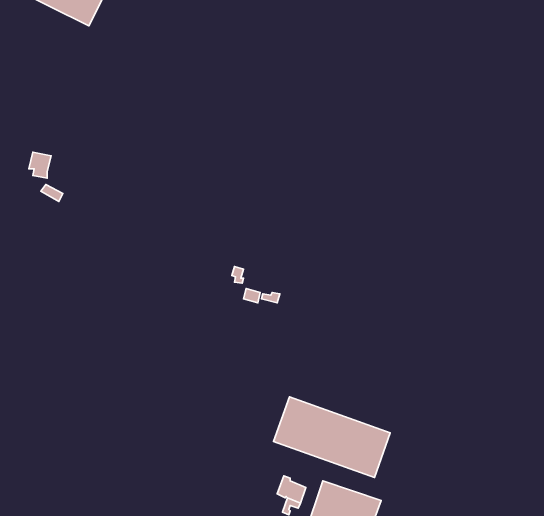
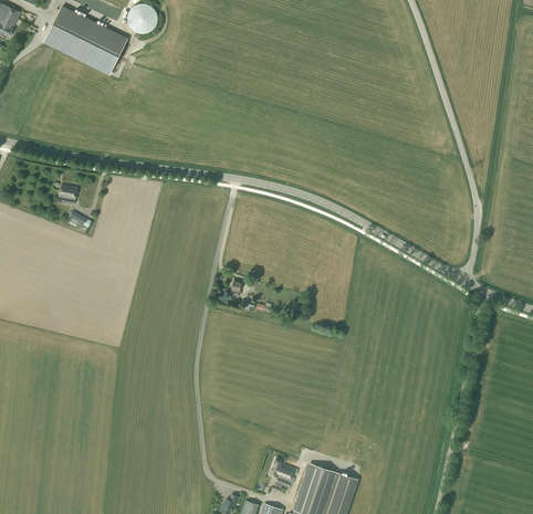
building: [274,397,390,478] -> none

